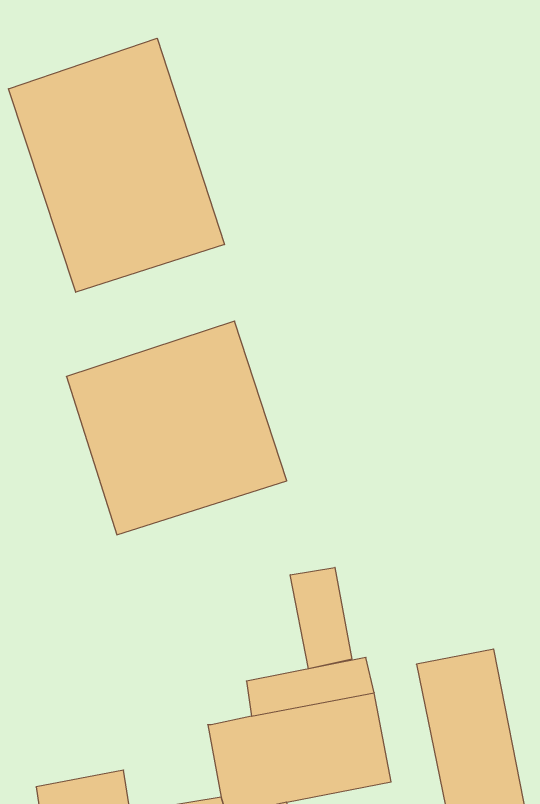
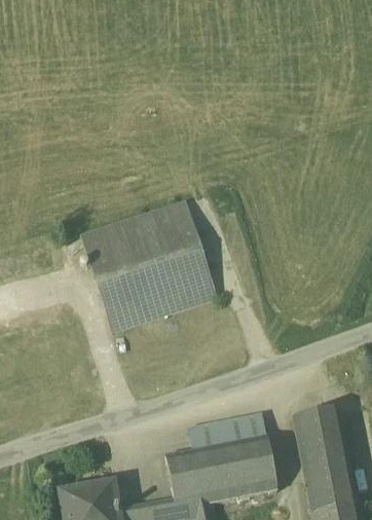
building: [8,38,224,292] -> none
building: [290,567,352,669] -> none

